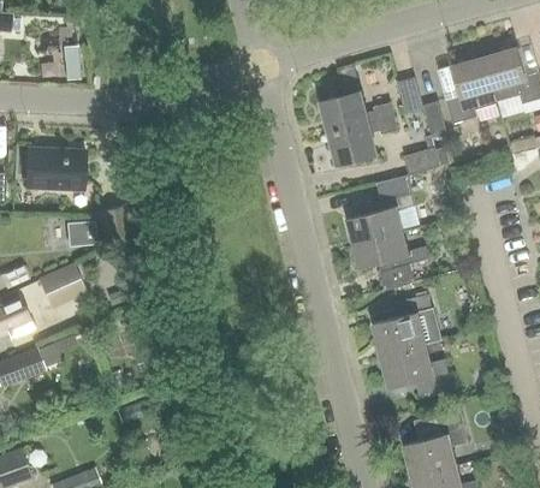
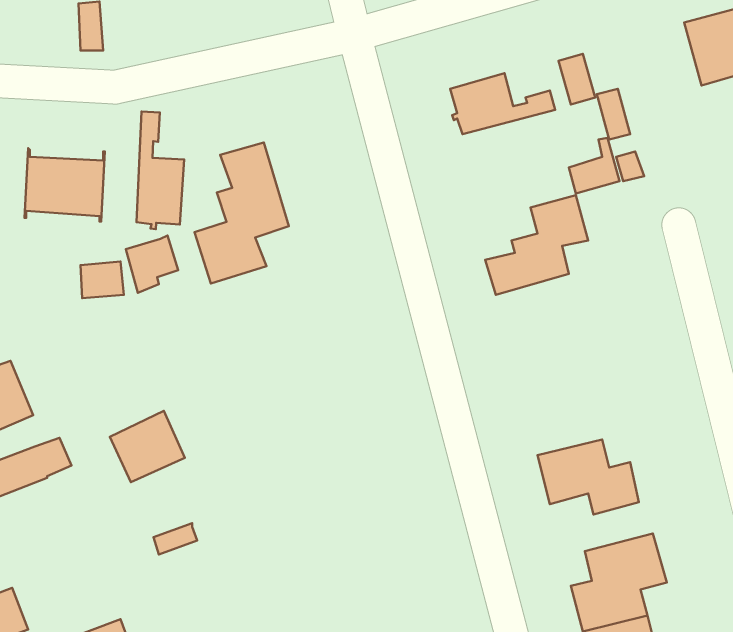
building: [446,56,496,123] -> none
building: [330,117,397,165] -> none
building: none -> [136,111,184,229]
building: none -> [194,142,289,284]
building: [352,230,429,291] -> none
building: [36,261,88,310] -> [110,411,185,482]
building: [373,296,439,355] -> none

